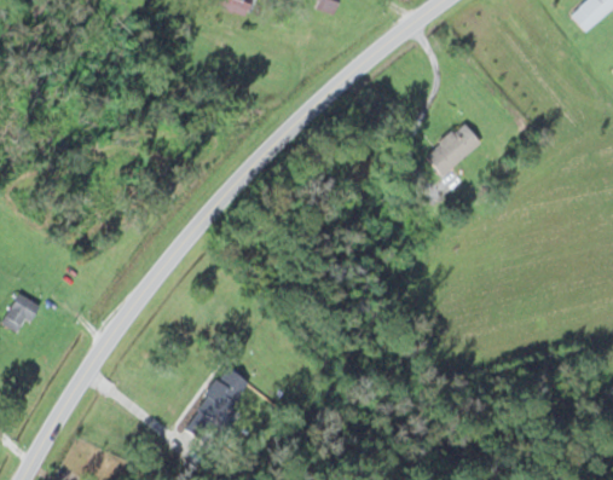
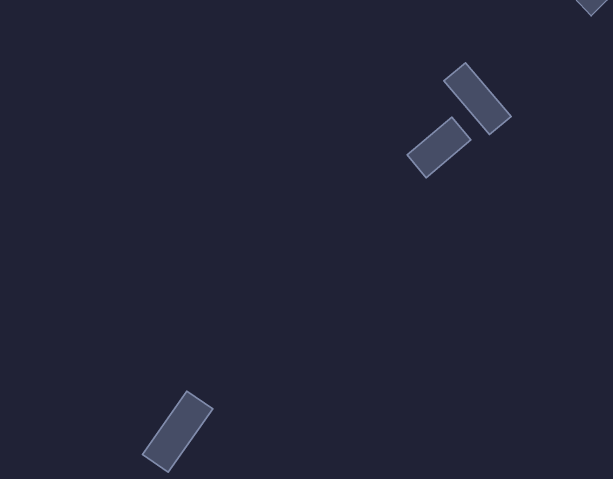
building: none -> [444,63,511,134]

